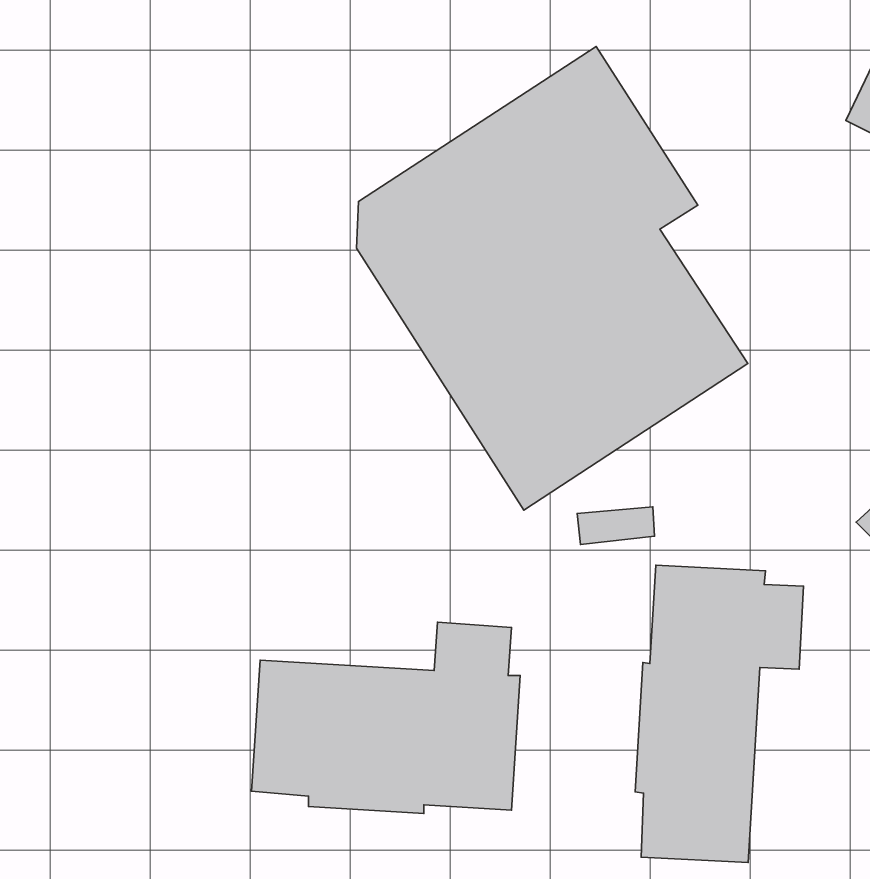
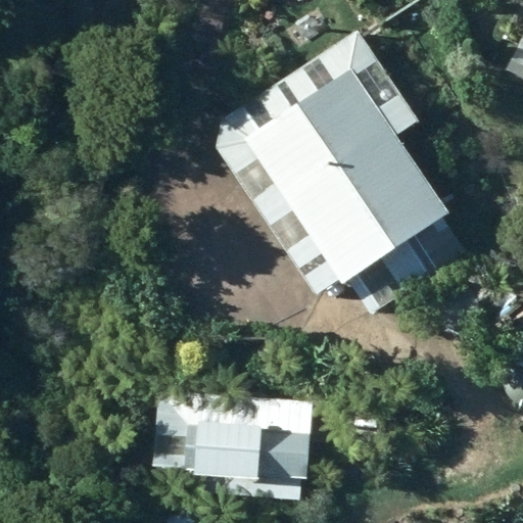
building: [635,565,803,862] -> none

